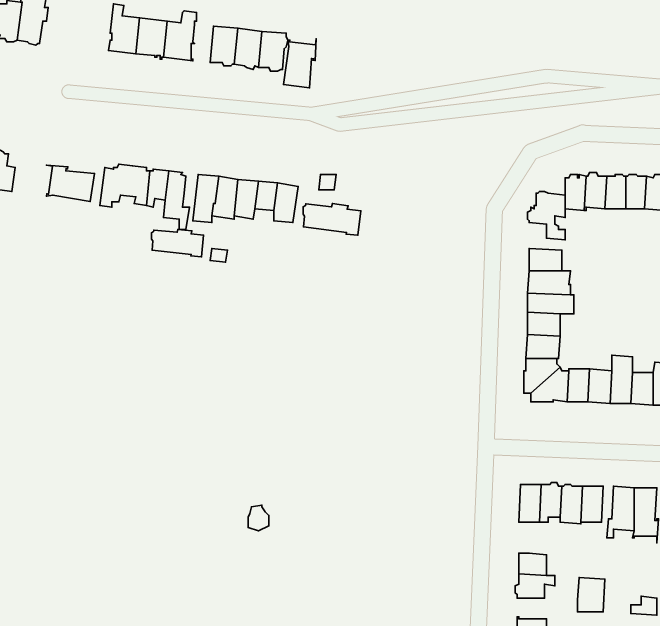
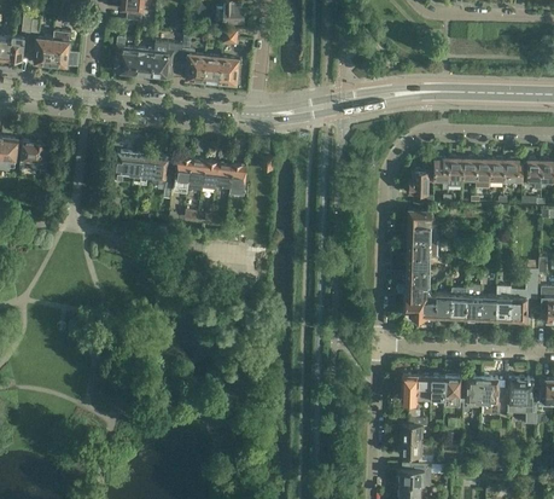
building: [283,39,316,88] -> none
building: [47,165,94,202] -> none
building: [303,204,361,235] -> none
building: [151,229,204,257] -> none

